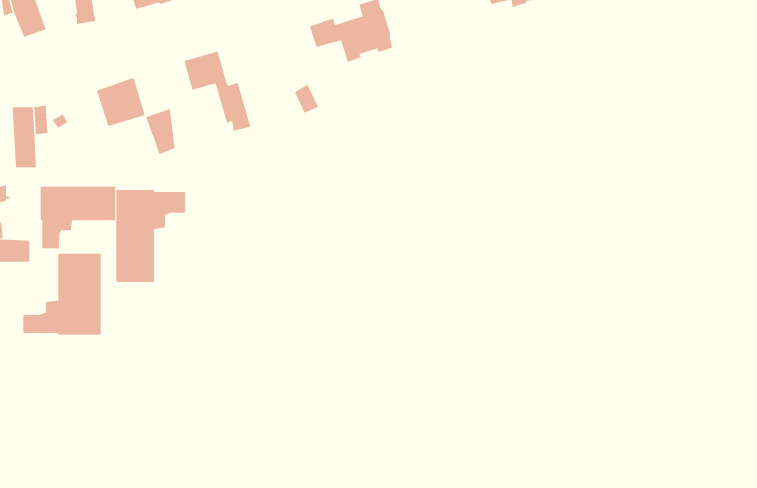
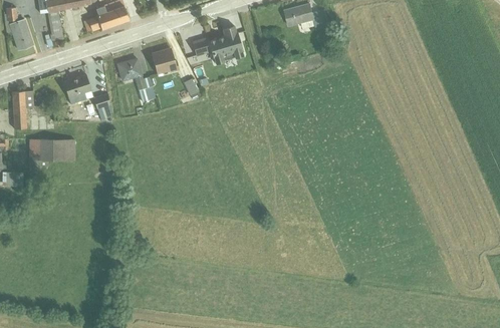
building: none -> [151,48,178,73]
building: [116,189,186,283] -> none
building: [23,253,101,336] -> none

